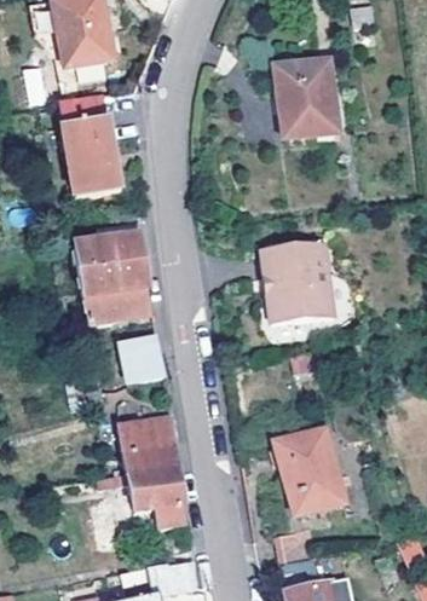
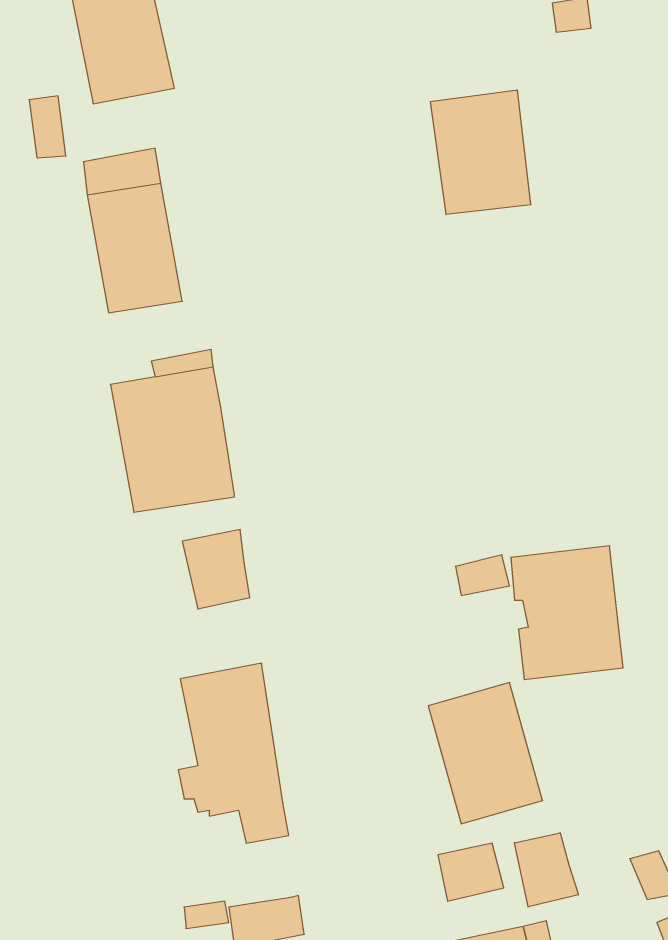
building: [260,242,330,325] -> [511,546,623,680]
building: none -> [514,833,579,907]

